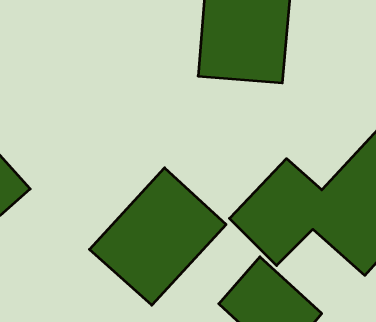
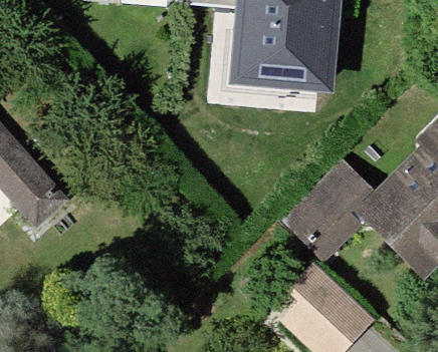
building: [89,168,226,305] -> none

